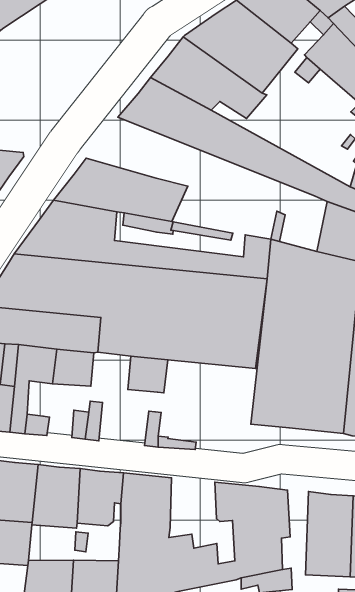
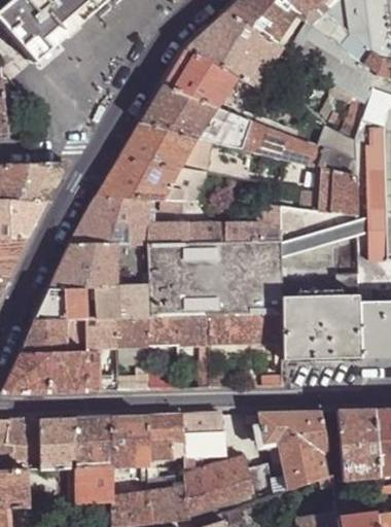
building: none -> [118,121,311,175]
building: none -> [145,317,177,346]
building: none -> [207,314,281,344]

